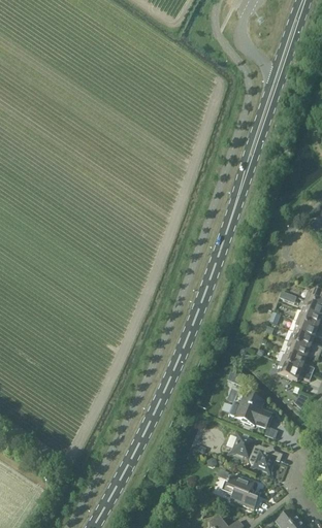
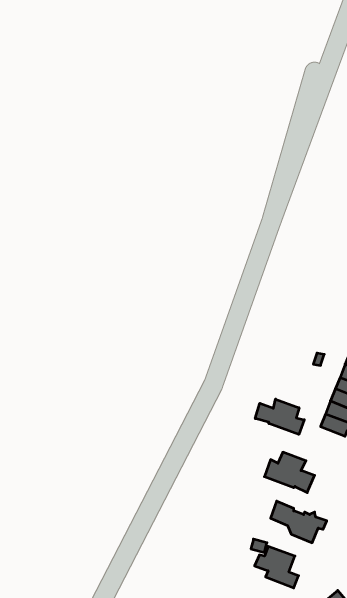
building: none -> [255,399,304,434]

